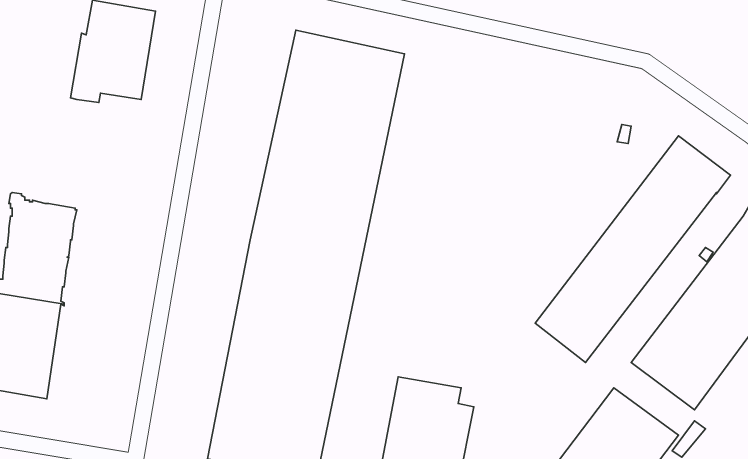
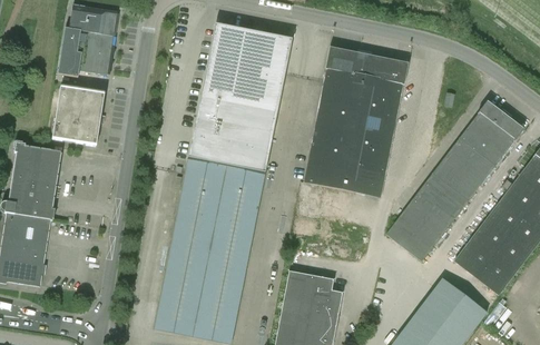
building: none -> [303,48,406,197]
building: none -> [51,85,104,146]

